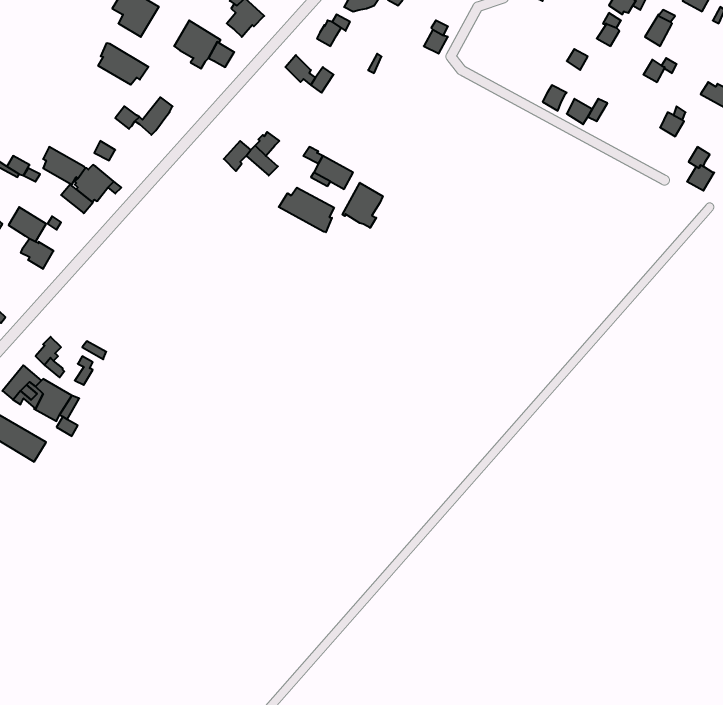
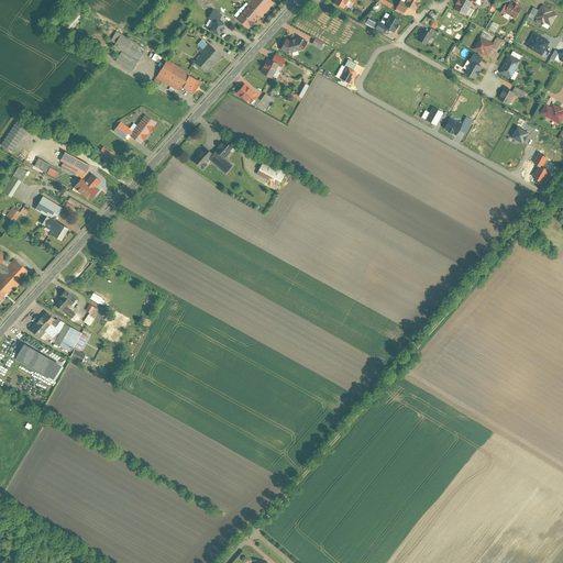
building: [98,43,148,85] -> none
building: [342,183,383,228] -> none
building: [279,188,334,232] -> none

